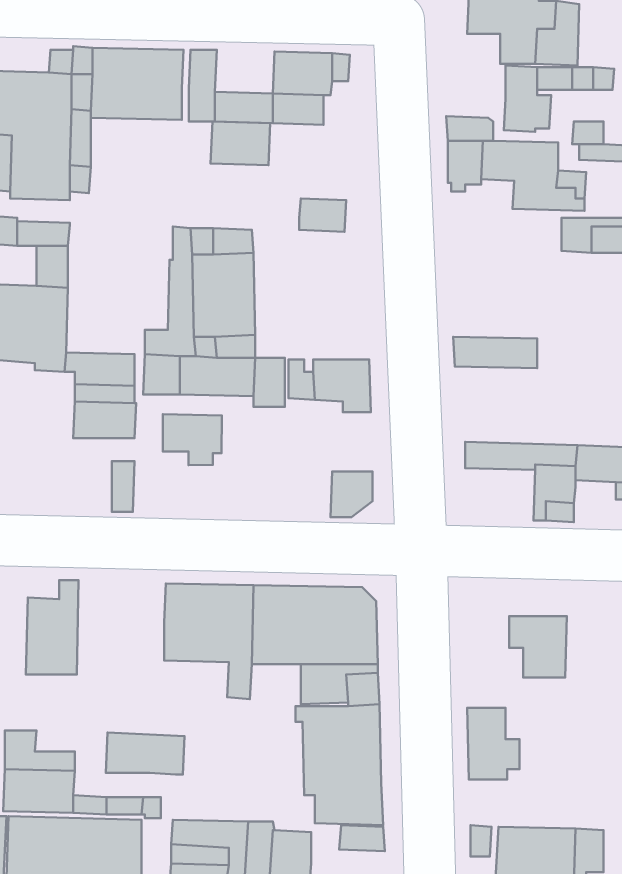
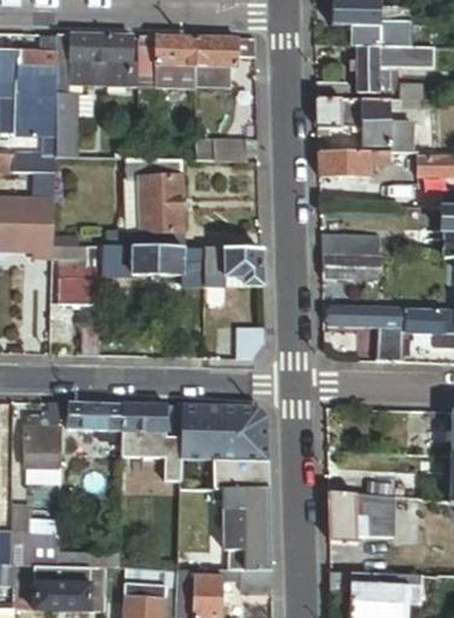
building: [211,121,270,165] -> [155,36,196,66]
building: none -> [316,152,369,176]
building: none -> [320,255,377,280]
building: [163,414,222,465] -> none
building: [509,616,567,677] -> [355,490,395,532]
building: [106,733,185,775] -> [66,402,121,431]

